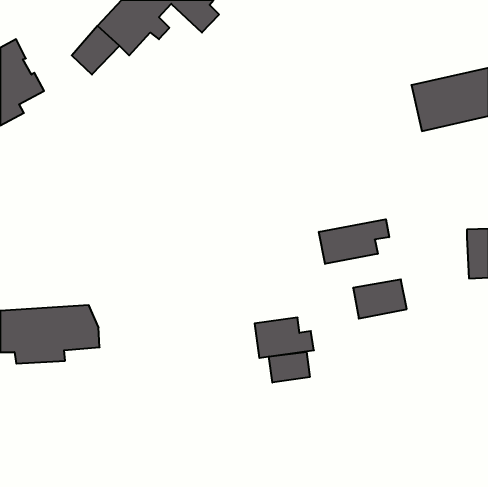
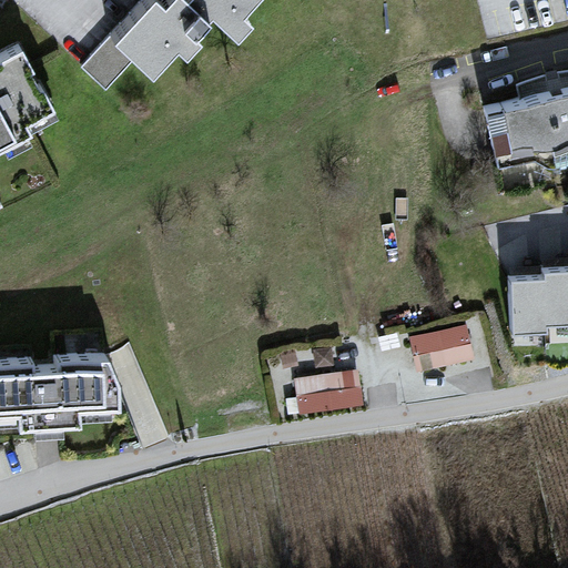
building: [319,219,389,264] -> none
building: none -> [509,277,545,335]
building: [269,352,310,383] -> none

